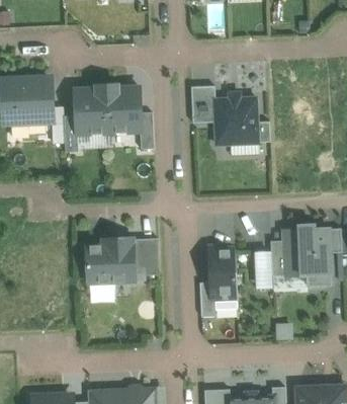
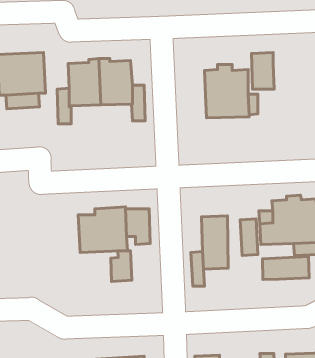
building: [192,85,215,123] -> [251,52,274,89]
building: none -> [111,251,132,282]
building: none -> [262,256,309,280]

